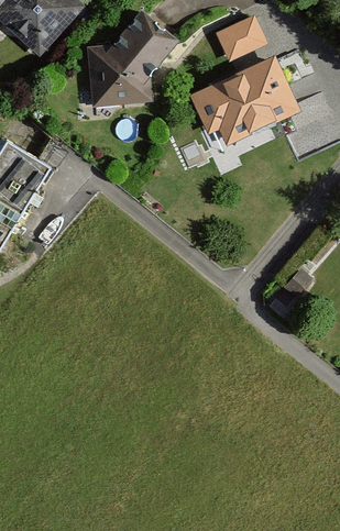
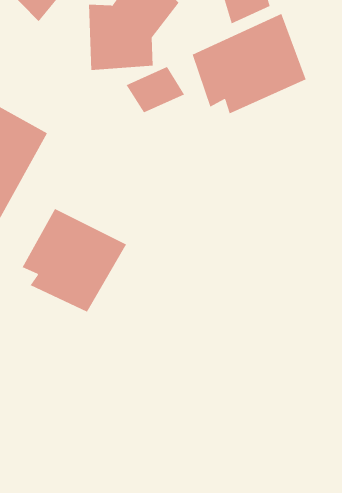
building: none -> [126,66,185,113]
building: none -> [22,208,127,313]

